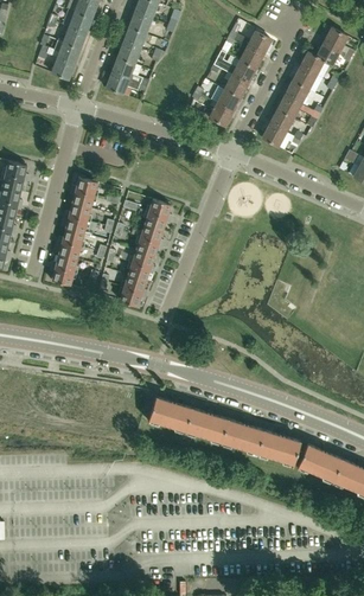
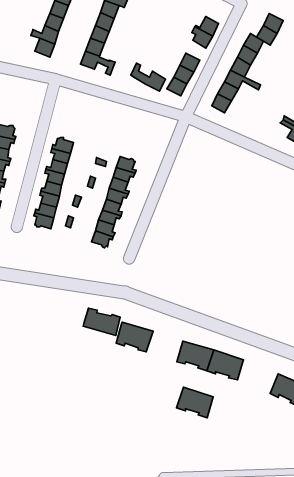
building: [213,51,255,84] -> [131,63,165,91]
building: none -> [83,308,120,335]
building: [184,408,228,444] -> [176,387,213,418]
building: [296,444,341,482] -> none

